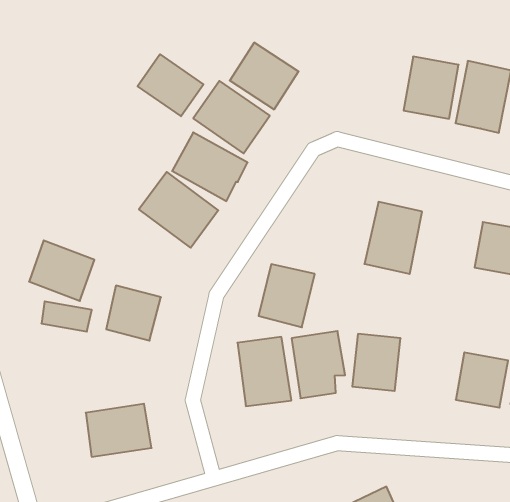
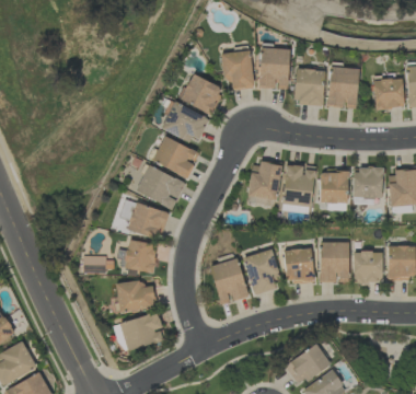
building: none -> [221,50,252,89]
building: none -> [258,47,289,89]
building: [138,54,203,116] -> none
building: none -> [320,170,348,202]
building: [29,240,94,301] -> [128,202,167,237]
building: [259,264,315,327] -> [247,162,279,199]
building: none -> [319,241,348,282]
building: none -> [117,281,155,310]

